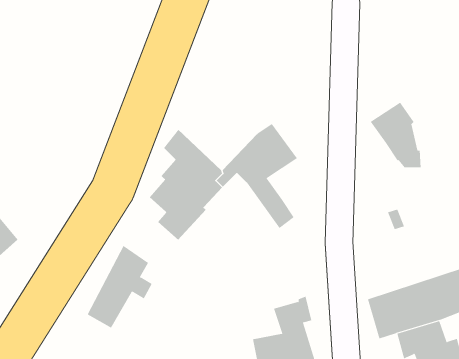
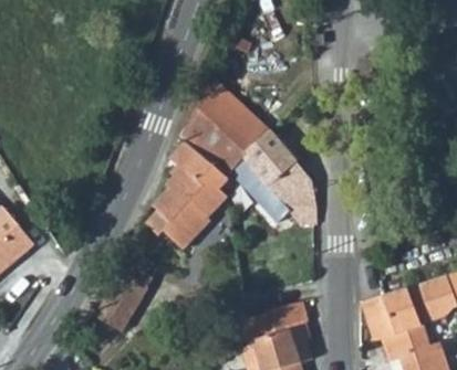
building: none -> [177,84,271,178]
building: [370,102,422,168] -> [267,167,315,229]

